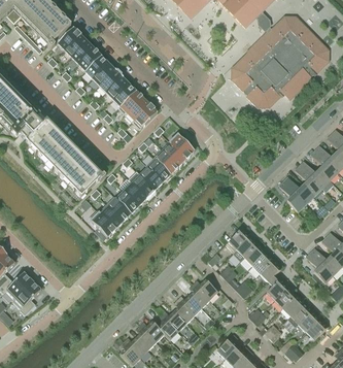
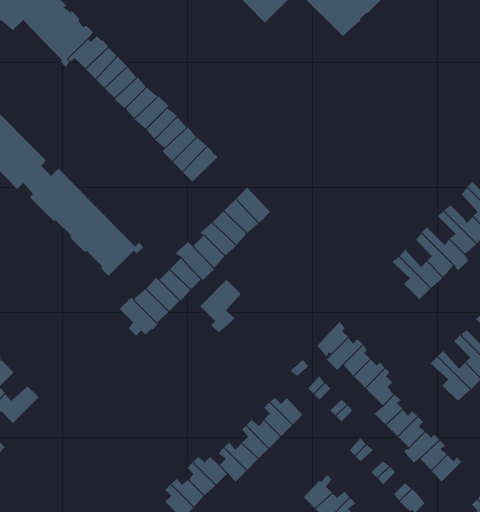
building: [231,12,329,107] -> none
building: none -> [199,279,242,333]
building: [11,280,40,315] -> none

